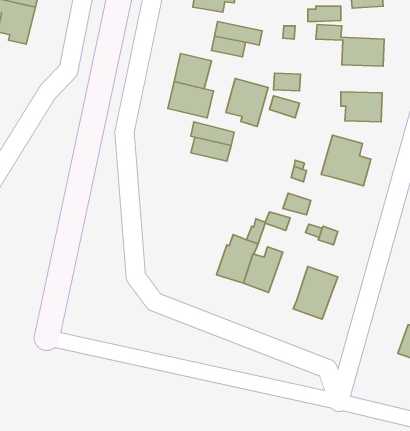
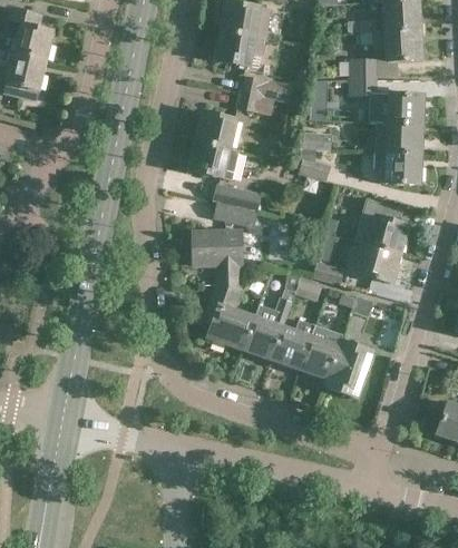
building: none -> [376,123,421,153]
building: [226,79,268,126] -> none
building: none -> [193,231,242,284]
building: none -> [359,244,400,283]
building: none -> [203,288,253,349]
building: none -> [298,324,342,378]

